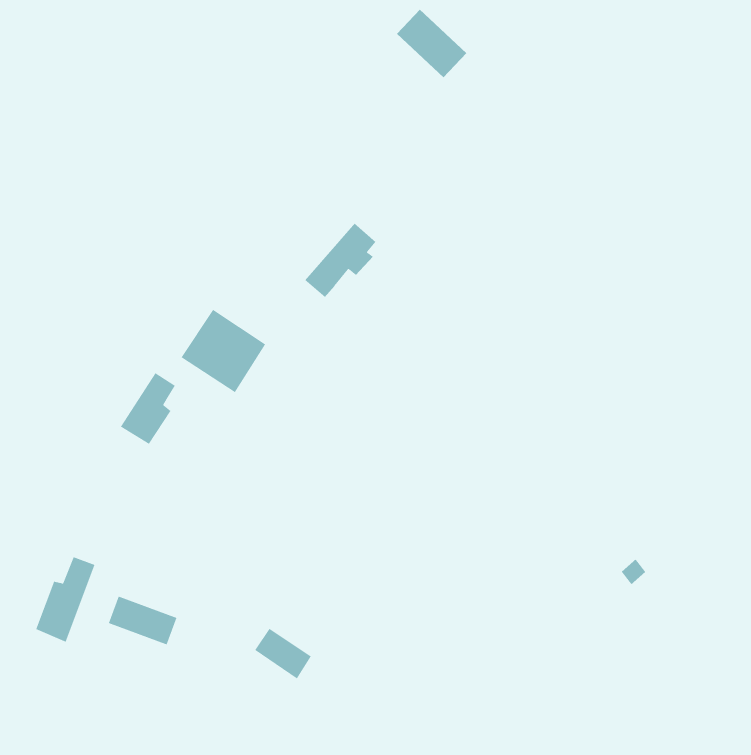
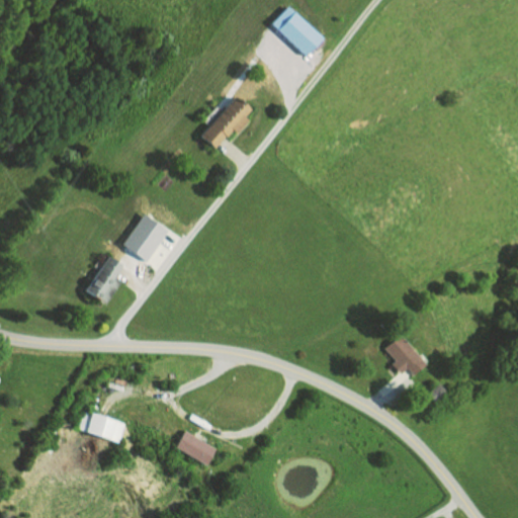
building: [304,223,377,298] -> [199,96,249,148]
building: none -> [381,336,421,375]
building: [35,556,96,643] -> none

